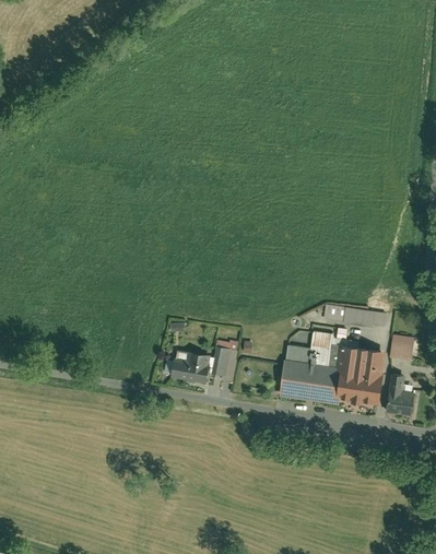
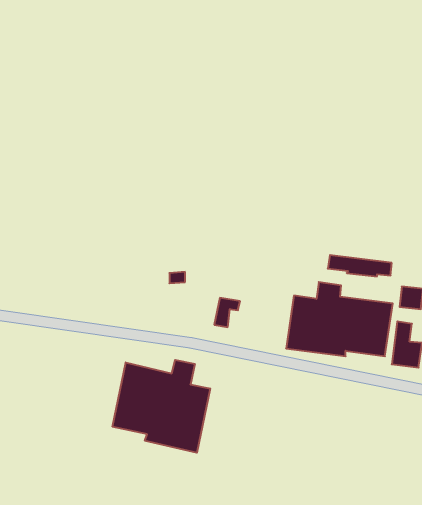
building: [169,350,211,385] -> none
building: none -> [113,360,210,453]

